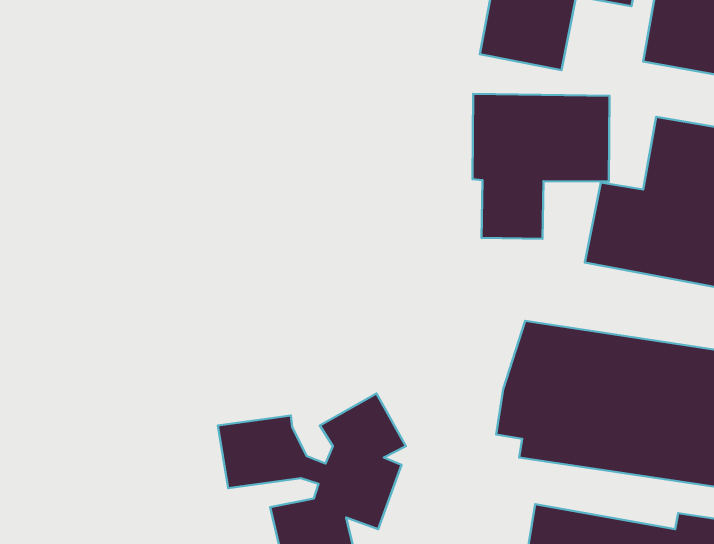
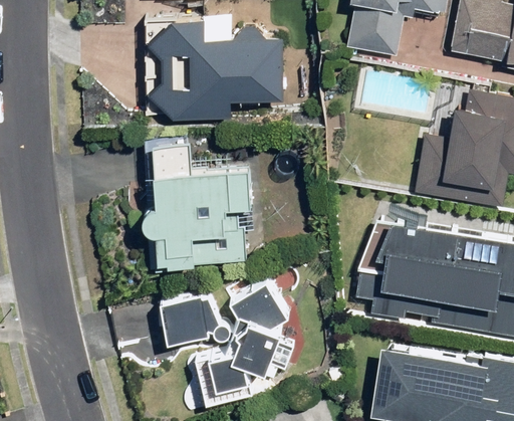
building: none -> [146,23,283,123]
building: [472,94,609,239] -> none
building: none -> [147,135,257,264]

